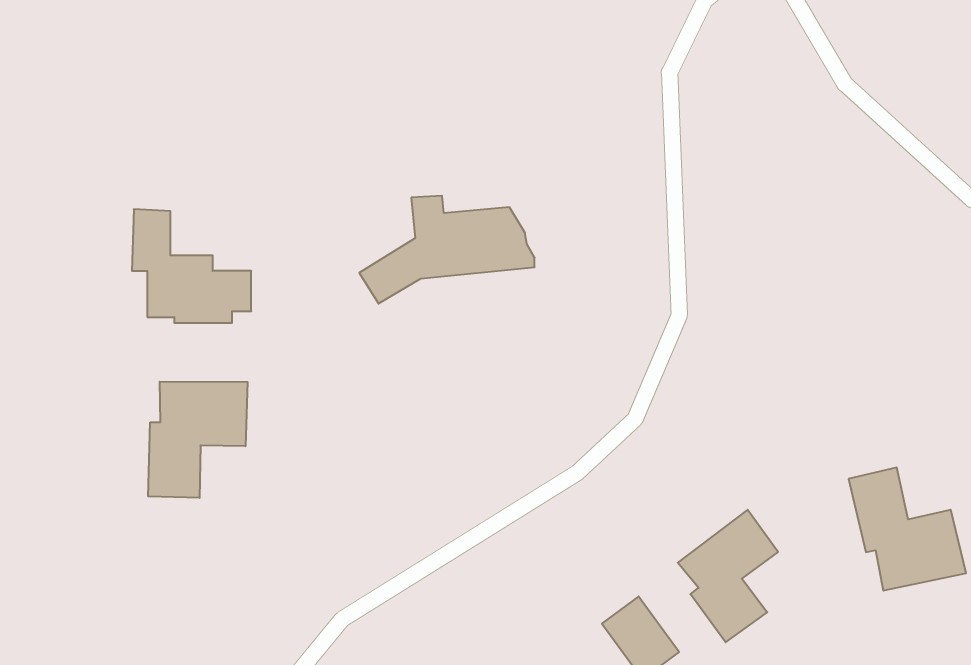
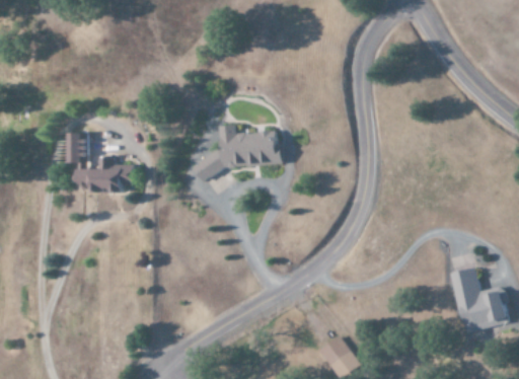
building: [148,382,248,498] -> none
building: [678,510,778,642] -> none

